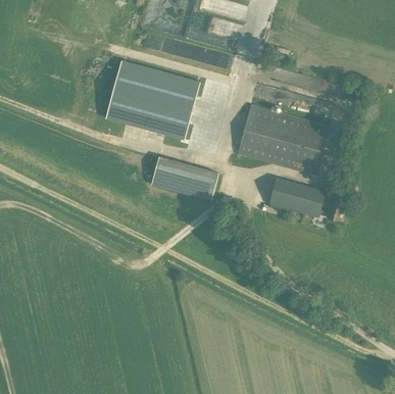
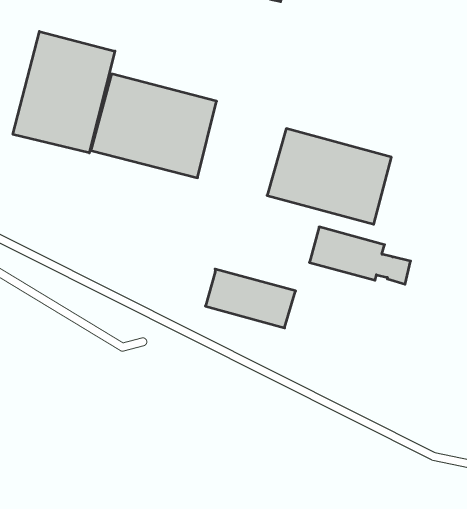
building: none -> [13,31,115,153]
building: [151,155,218,199] -> [205,269,296,328]

